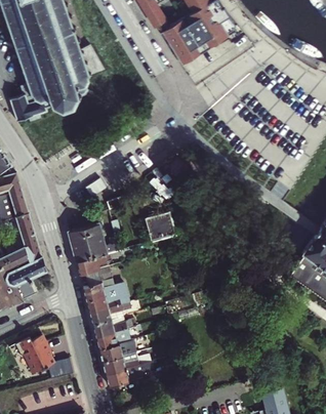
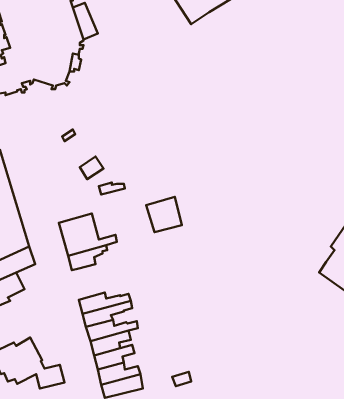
building: [82,270,126,301] -> none

